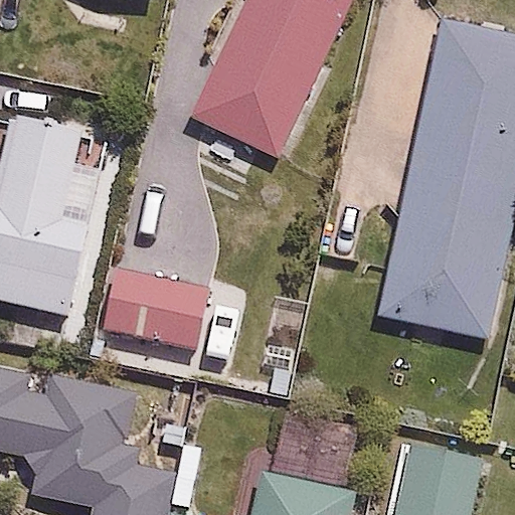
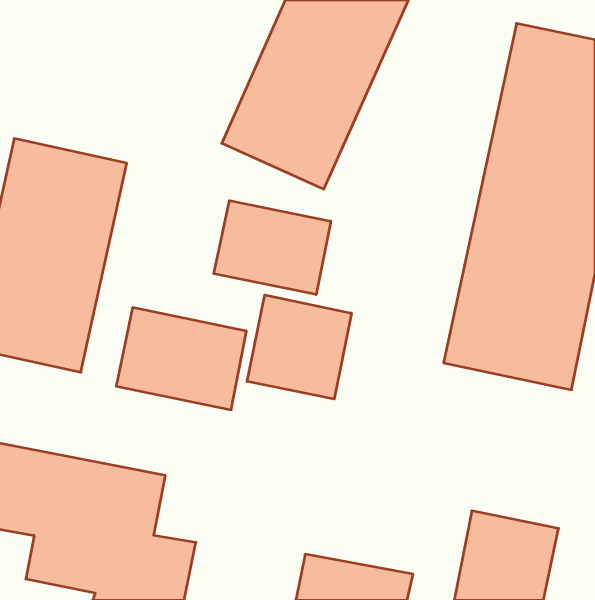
building: none -> [214,201,331,295]
building: none -> [247,295,351,399]

